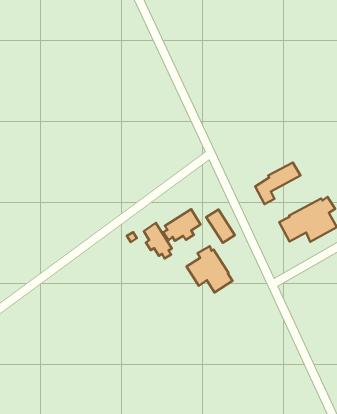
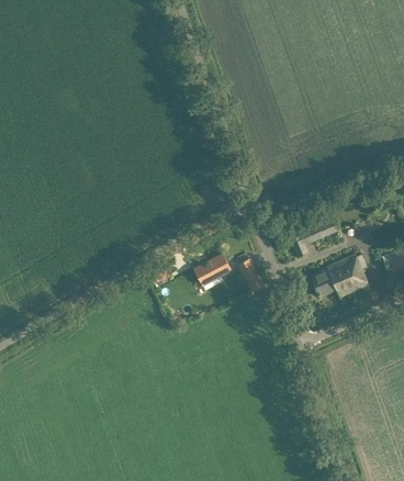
building: [144,223,172,259] -> none
building: [187,246,233,292] -> none

